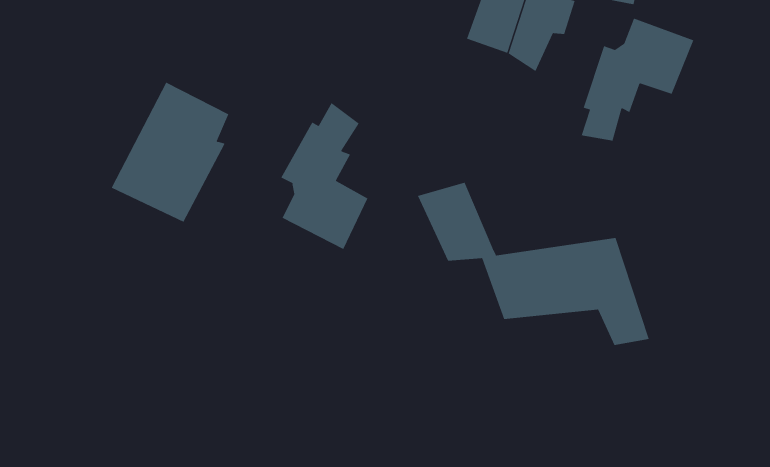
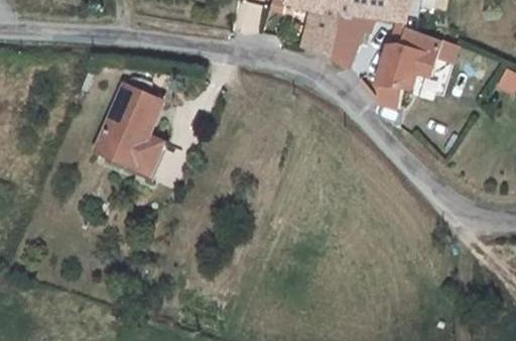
building: [281,102,368,250] -> none
building: [417,182,650,346] -> none

